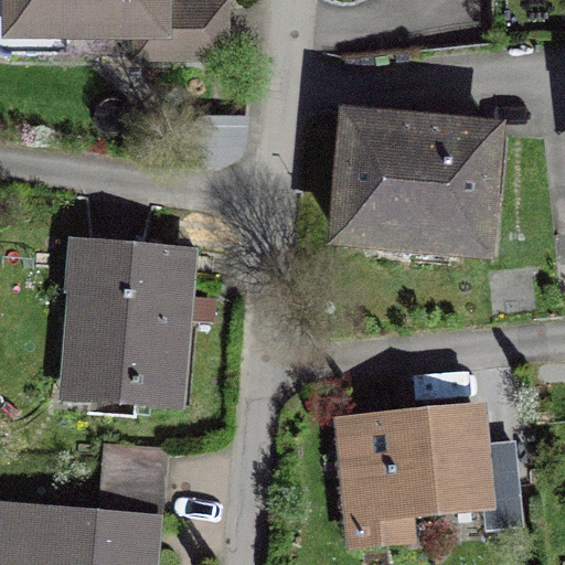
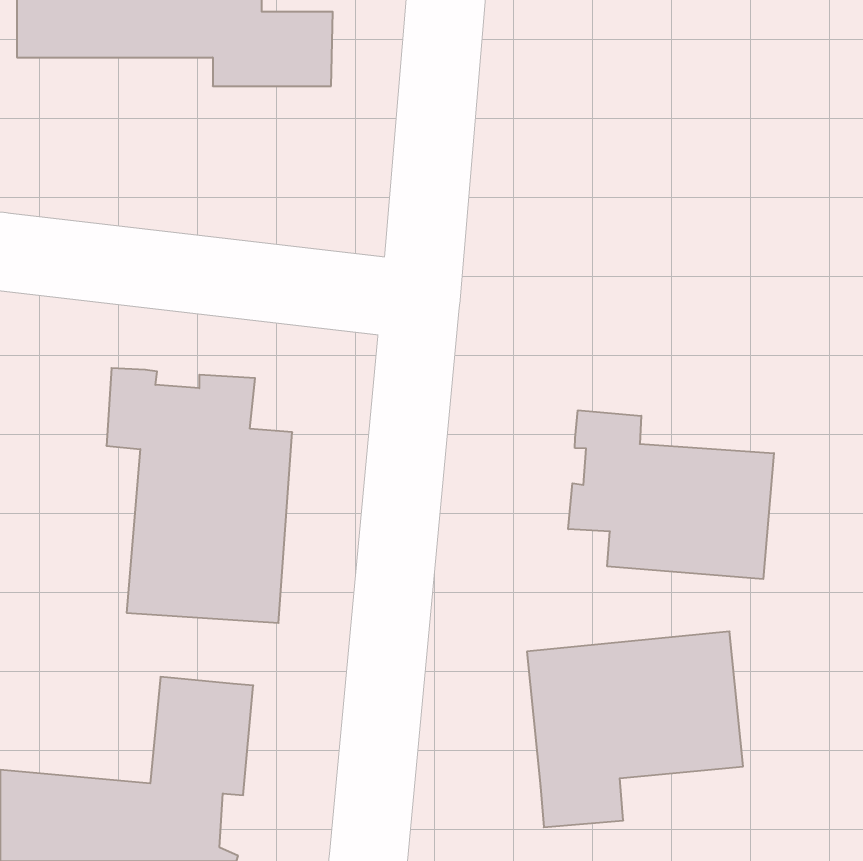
building: [340,120,493,248] -> none
building: none -> [568,410,774,579]

